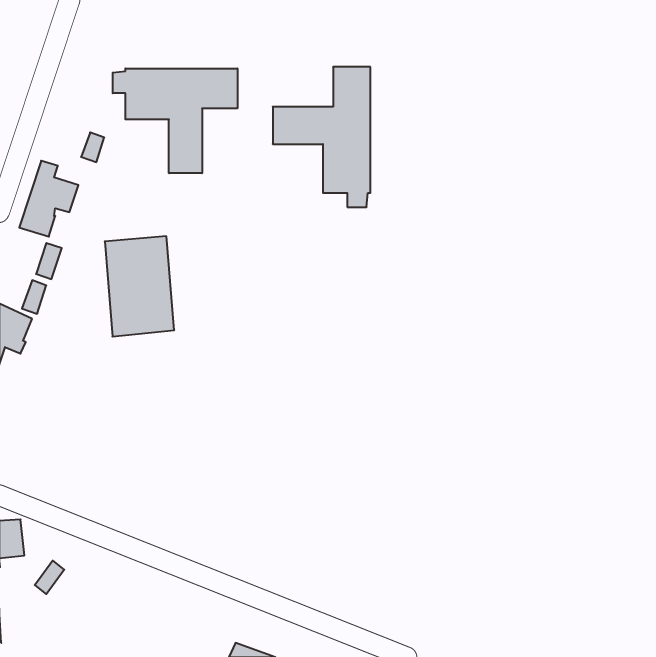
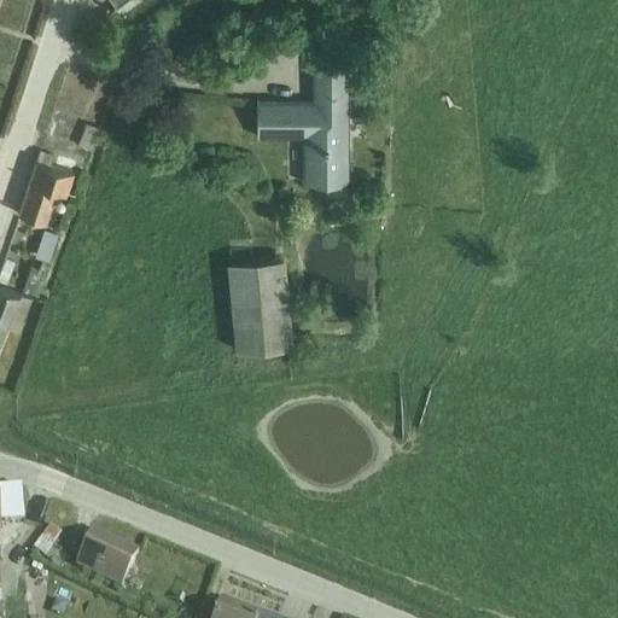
building: [113,68,237,173] -> none
building: [105,236,174,337] -> [227,257,292,351]
building: none -> [76,532,138,590]

